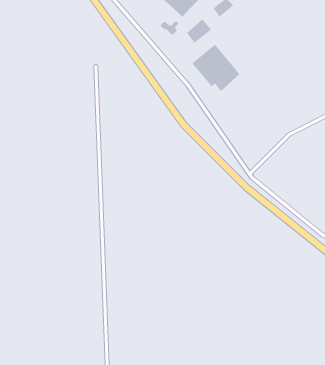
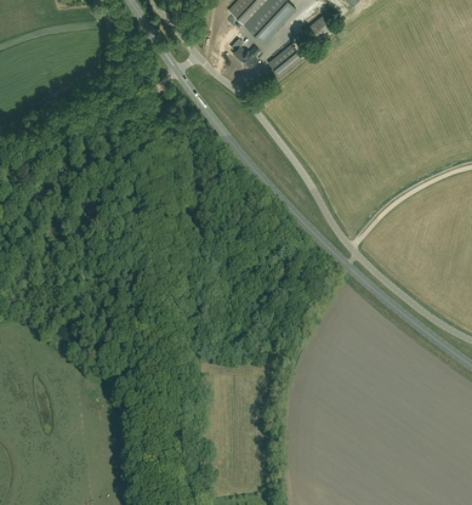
building: [191,44,240,92] -> none

